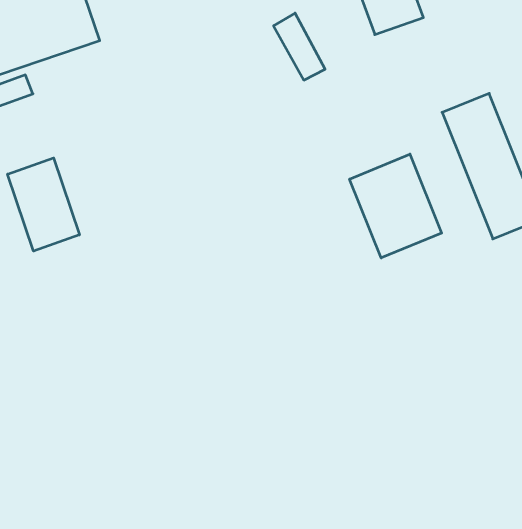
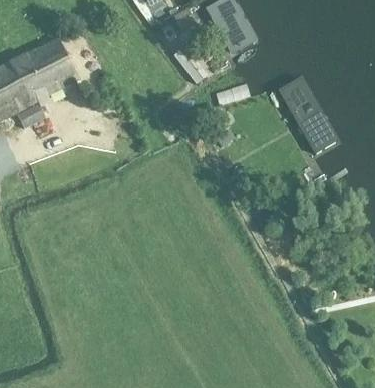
building: [350,154,442,258] -> none
building: [8,158,79,251] -> none

